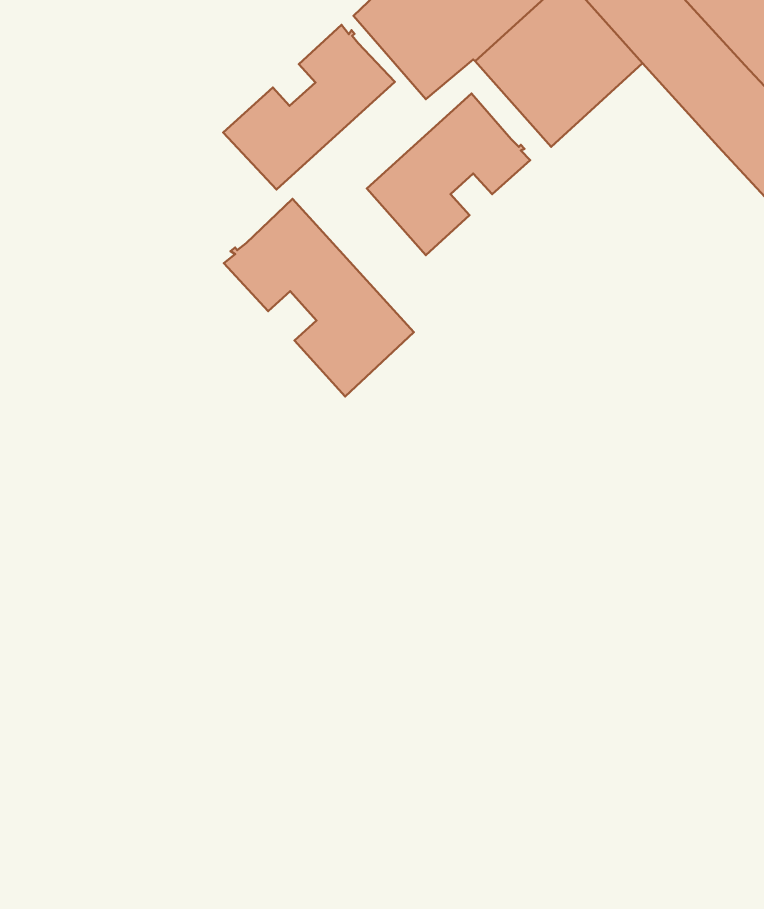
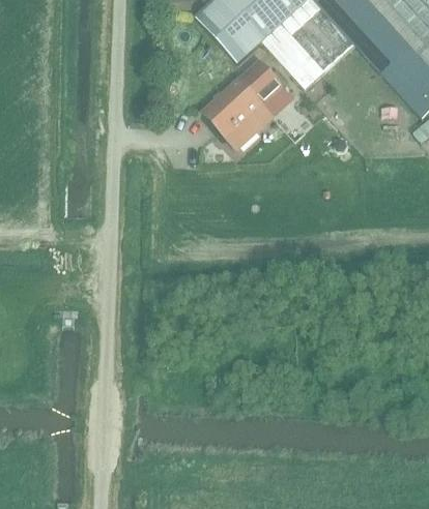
building: [223,25,395,189] -> none
building: [224,199,414,397] -> none

